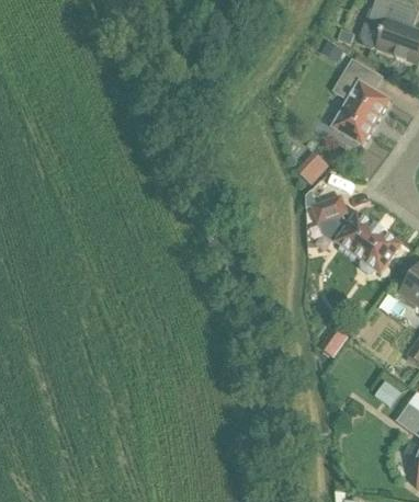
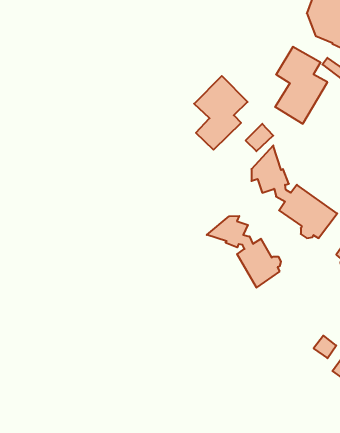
building: none -> [194,76,248,150]
building: none -> [207,216,281,288]

